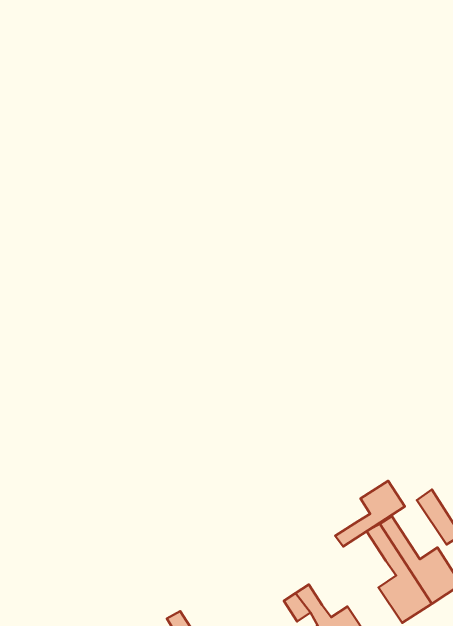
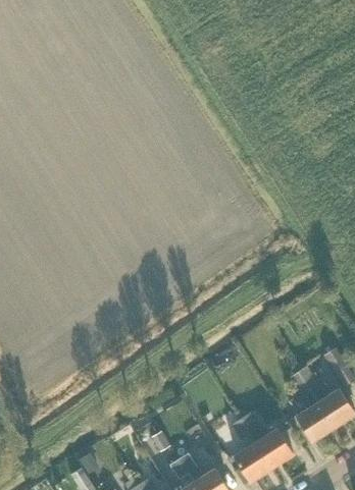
building: [335,481,405,546] -> none

